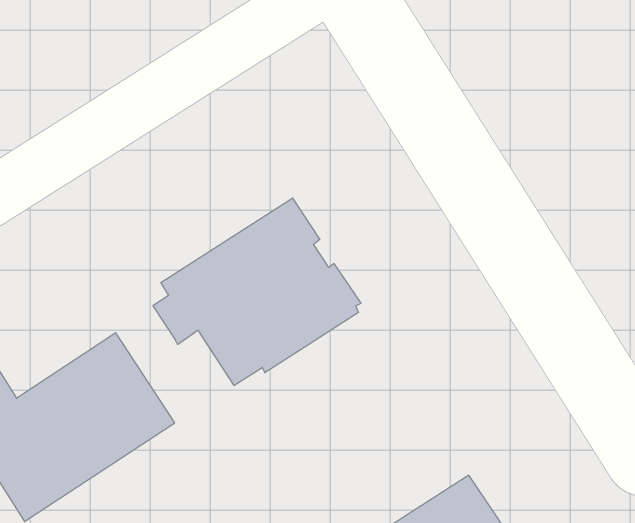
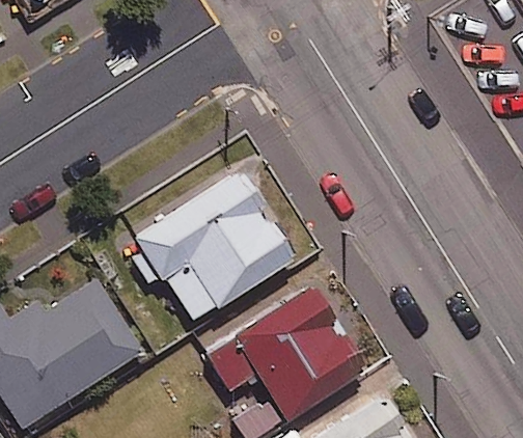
building: none -> [207,281,371,420]

